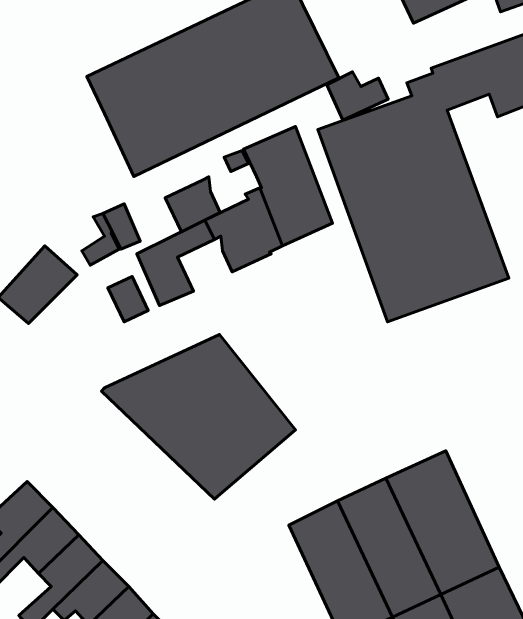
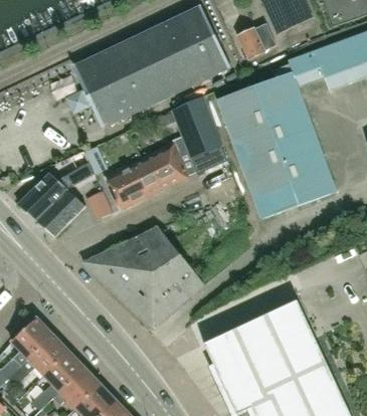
building: [327,72,388,120] -> [237,27,276,57]
building: [165,177,220,232] -> [130,165,164,199]
building: none -> [37,189,83,235]

